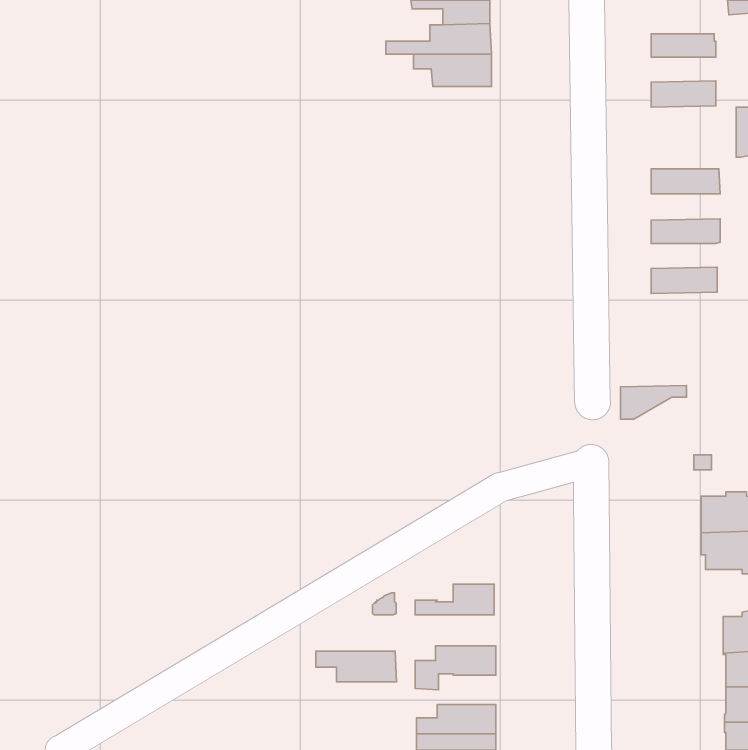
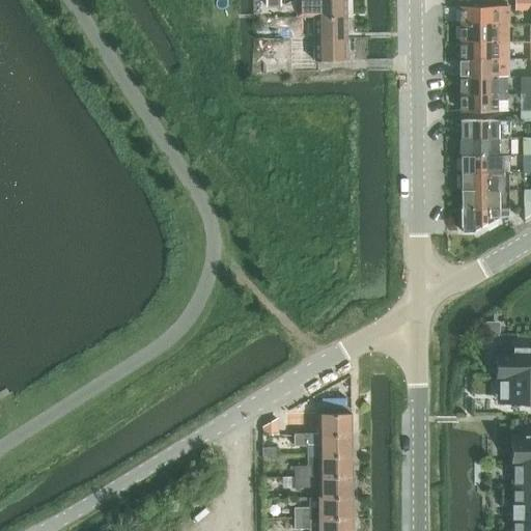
building: none -> [462,5,509,24]
building: none -> [462,40,507,58]
building: none -> [462,75,507,111]
building: none -> [462,137,510,156]
building: none -> [462,172,508,190]
building: [621,385,687,419] -> [462,206,508,230]
building: [316,651,397,682] -> [295,435,352,456]
building: none -> [322,477,352,498]

